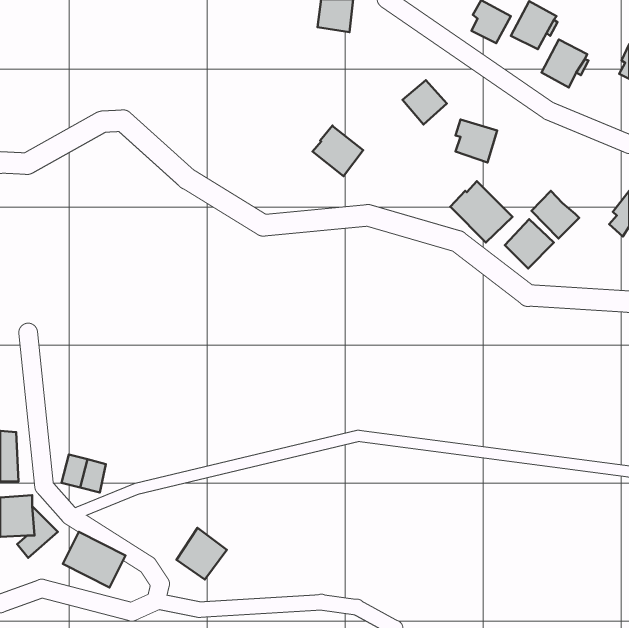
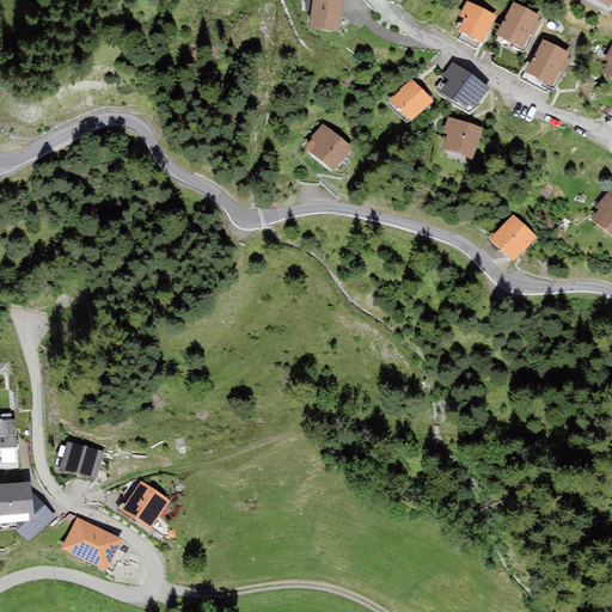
building: none -> [441,61,490,109]
building: [450,181,513,242] -> none
building: [531,191,579,238] -> none
building: [176,528,227,579] -> [121,479,170,530]

